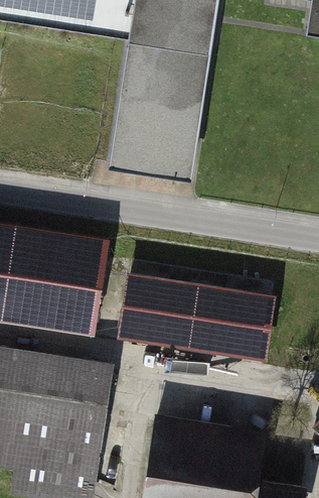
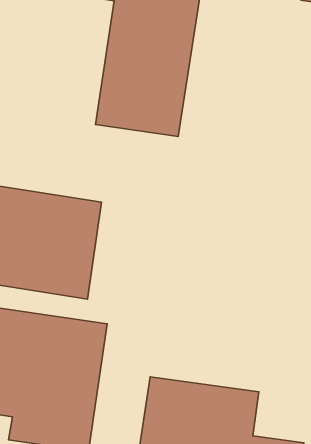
building: [120,274,278,354] -> none

